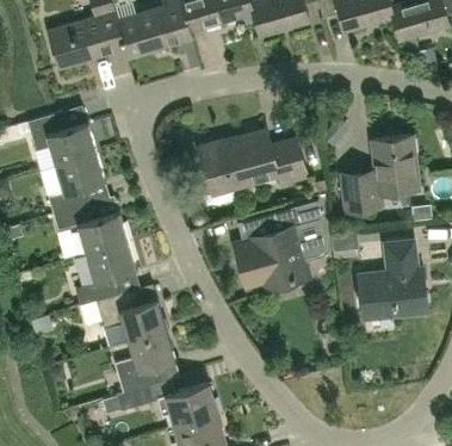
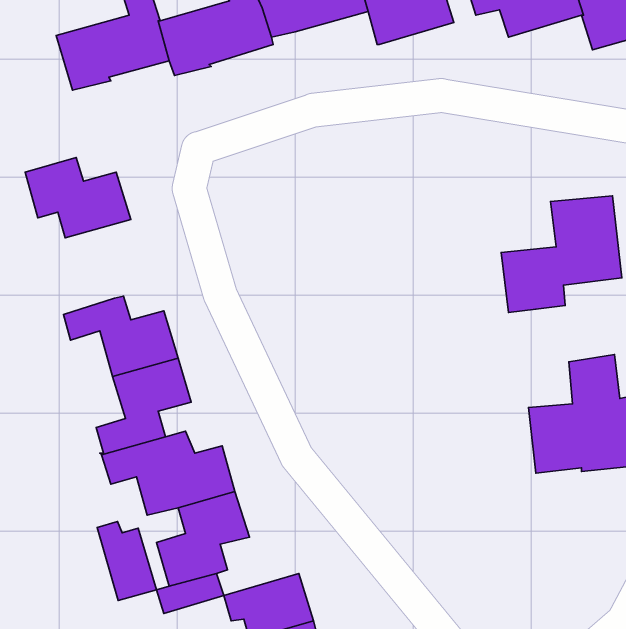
building: [199,130,309,193] -> none
building: [49,151,106,213] -> none
building: [234,203,327,291] -> none
building: none -> [97,521,156,600]

